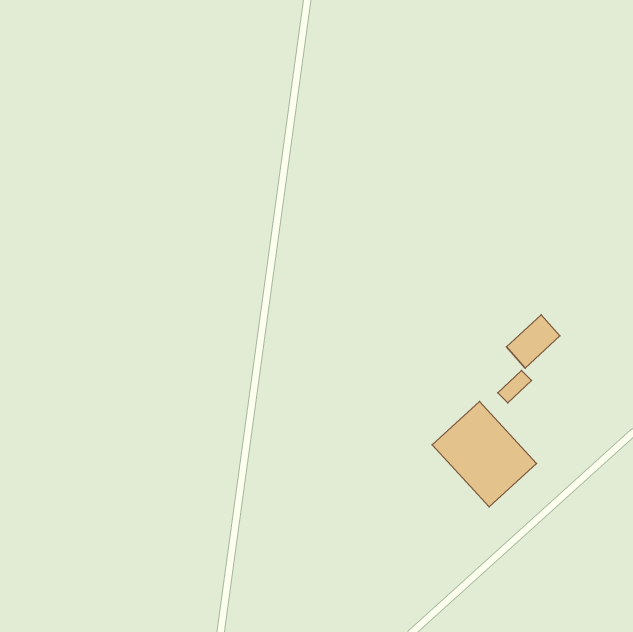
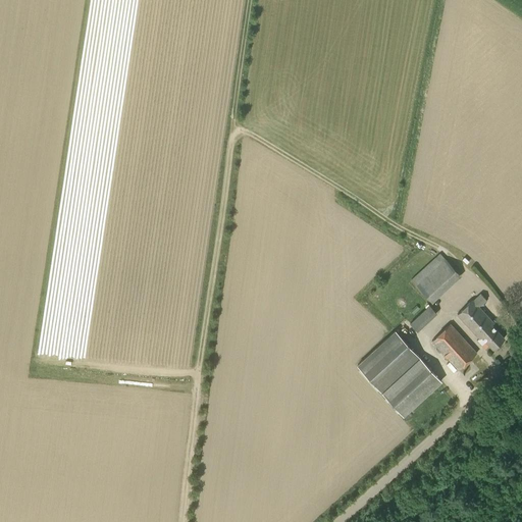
building: none -> [457,293,503,349]
building: none -> [431,325,477,371]

